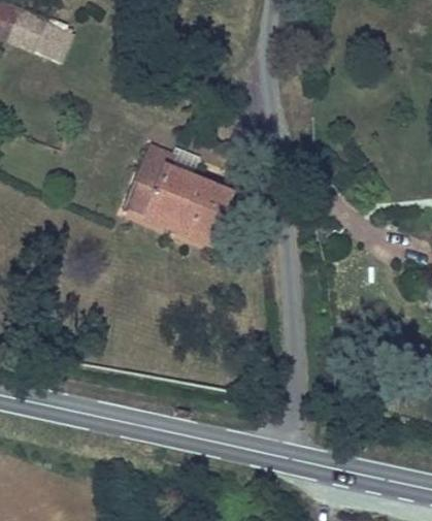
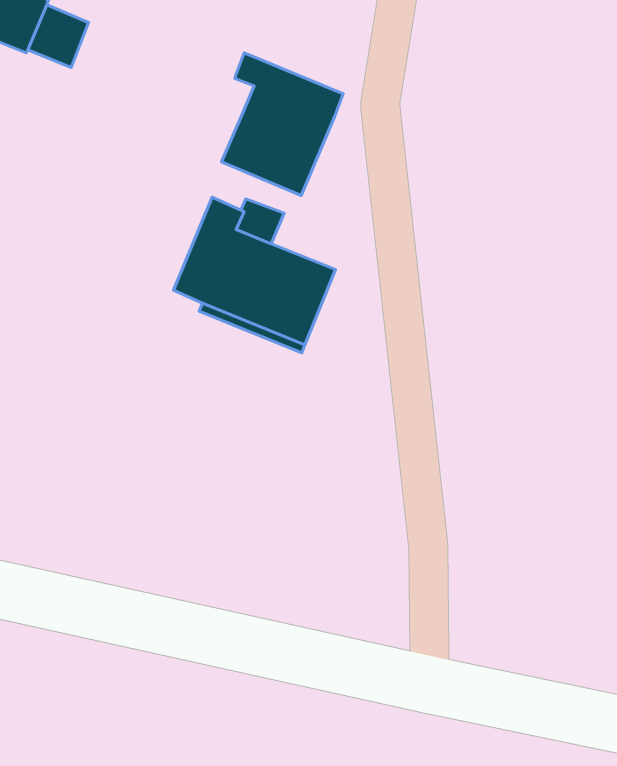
building: none -> [222,53,343,195]

